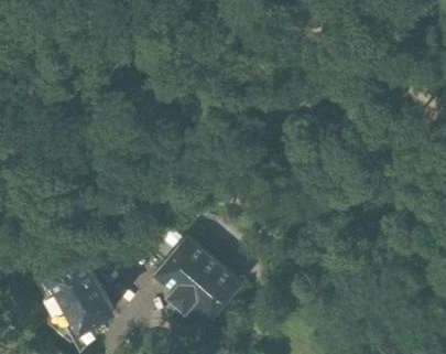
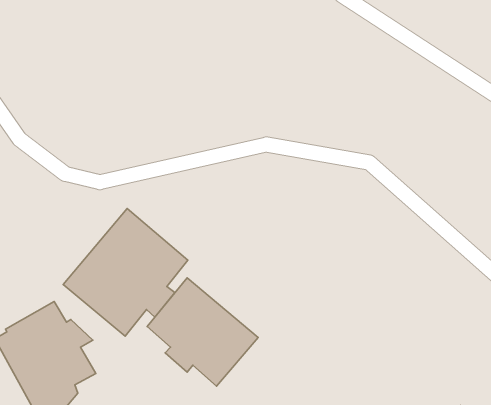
building: none -> [63,208,188,336]

